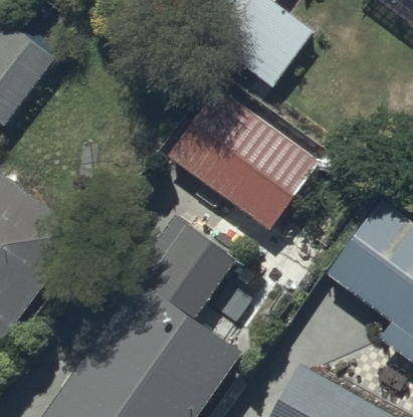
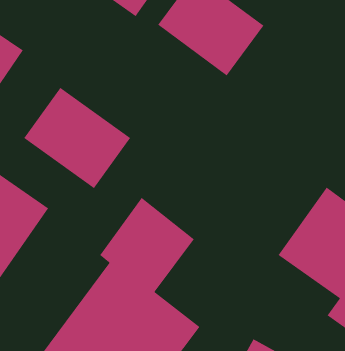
building: [168,87,321,233] -> none
building: none -> [23,87,131,189]

